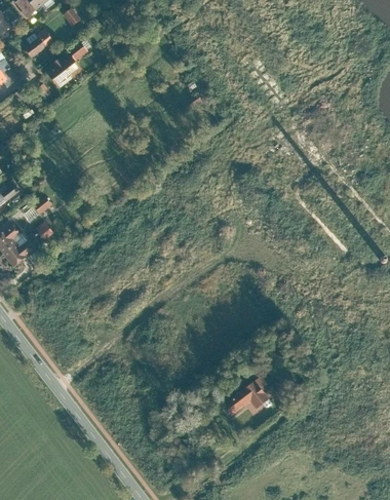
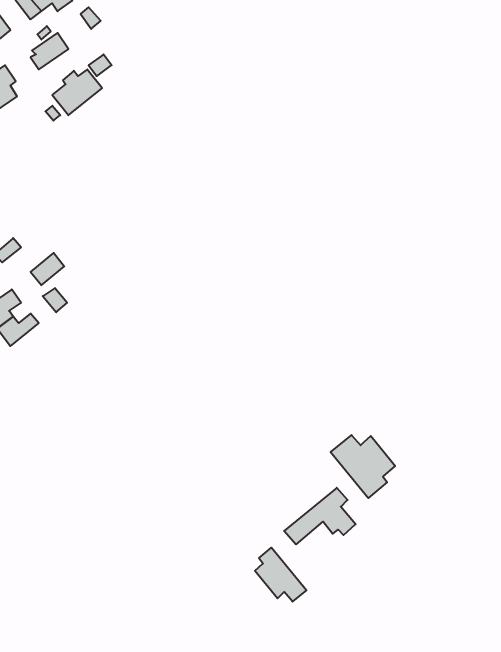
building: none -> [331,435,395,498]
building: none -> [255,548,306,602]

